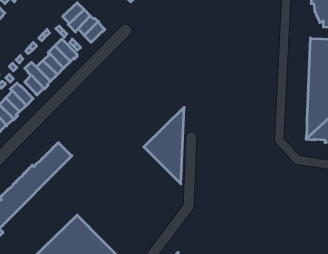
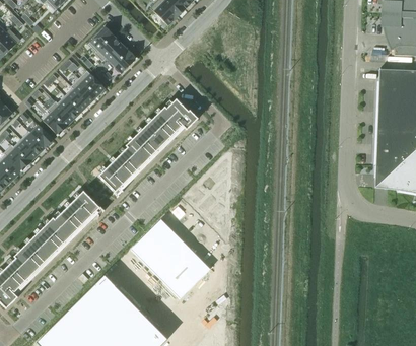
building: none -> [98,99,198,193]
building: none -> [132,221,209,298]

